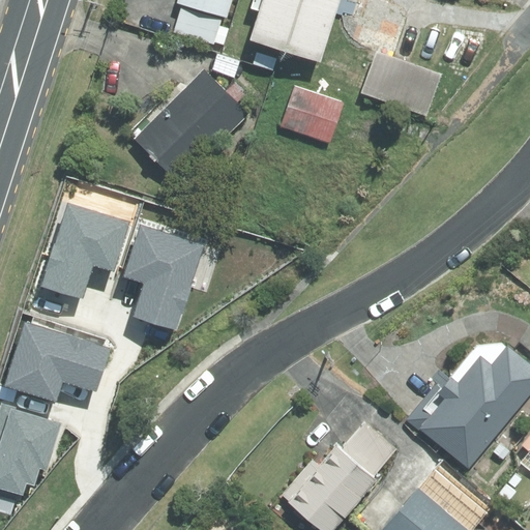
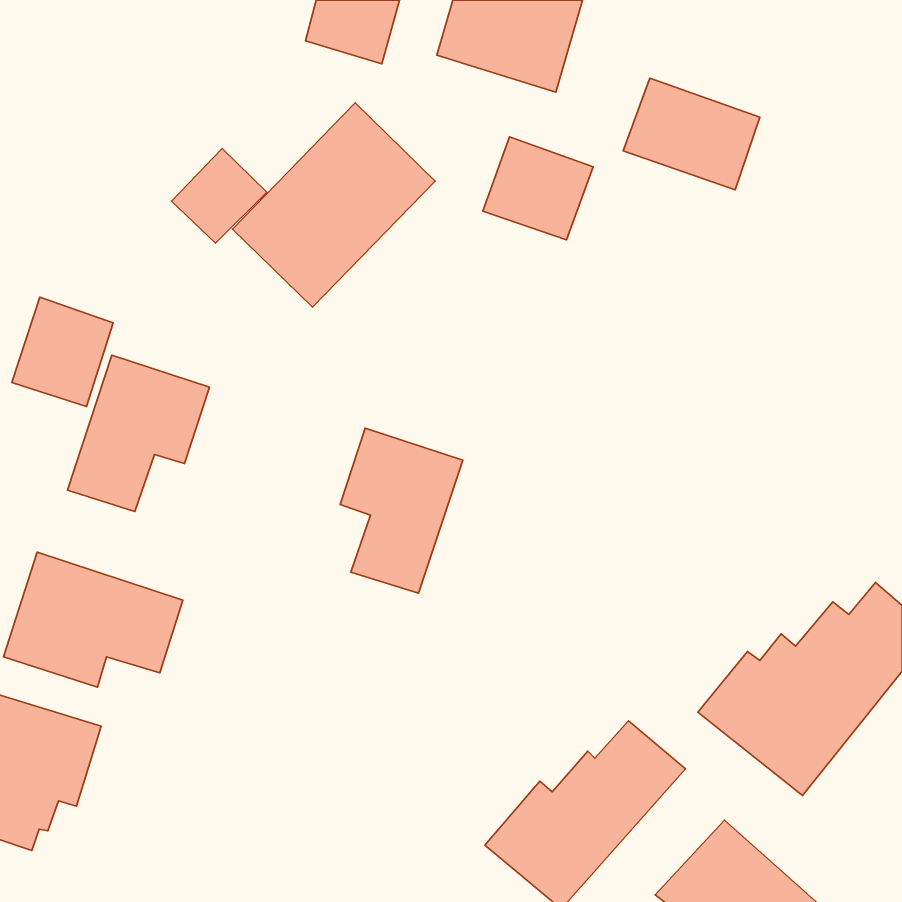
building: none -> [171,149,267,243]
building: none -> [12,297,113,406]
building: [119,229,190,325] -> [340,428,463,593]

